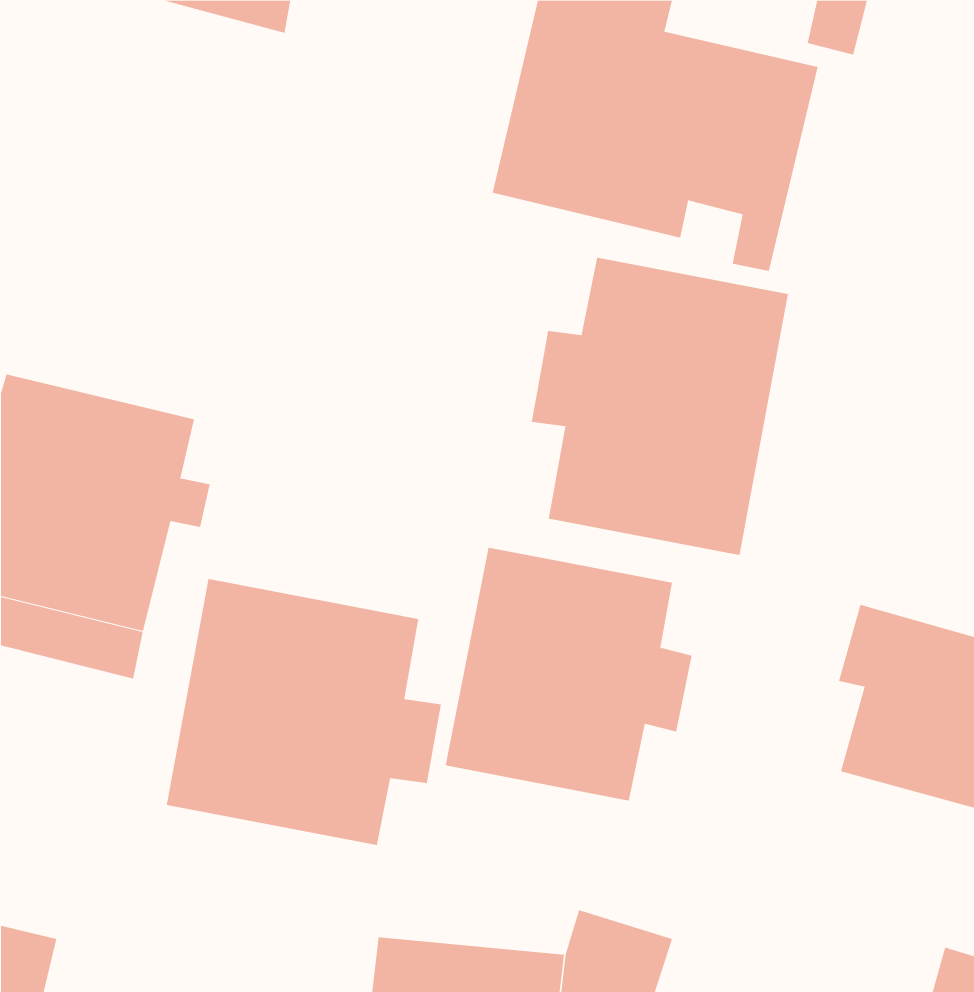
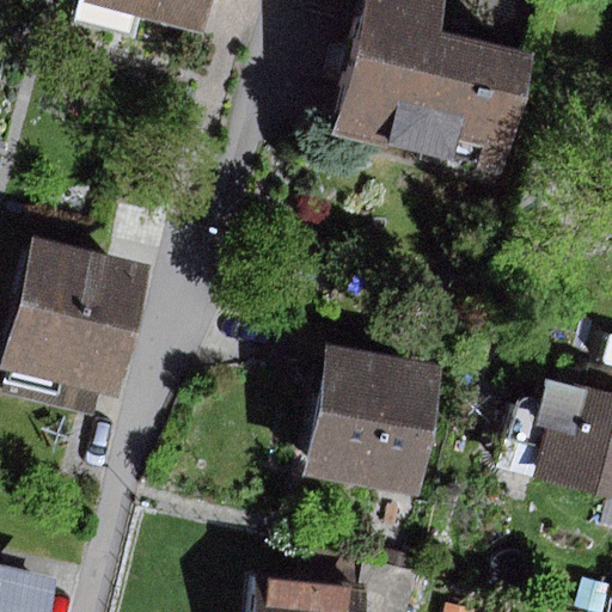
building: [531,257,789,556] -> none
building: [166,578,441,846] -> none

